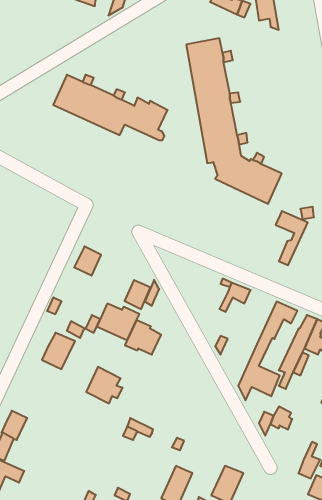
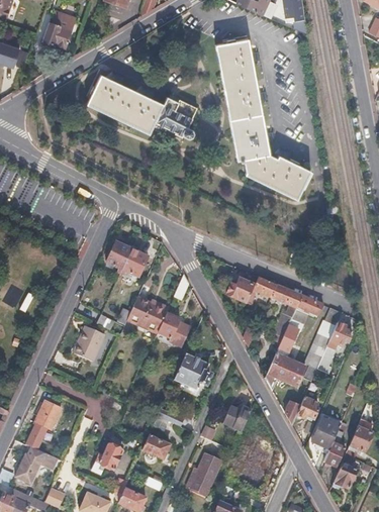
building: none -> [42,12,74,46]
building: [276,211,308,265] -> [272,284,303,336]
building: [125,280,151,309] -> [123,249,149,278]
building: none -> [228,279,256,302]
building: [86,367,123,403] -> [175,354,210,390]
building: none -> [222,407,250,431]
building: none -> [312,416,342,448]
building: none -> [143,435,170,459]
building: none -> [91,444,121,474]

